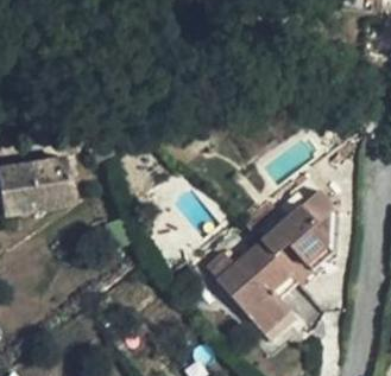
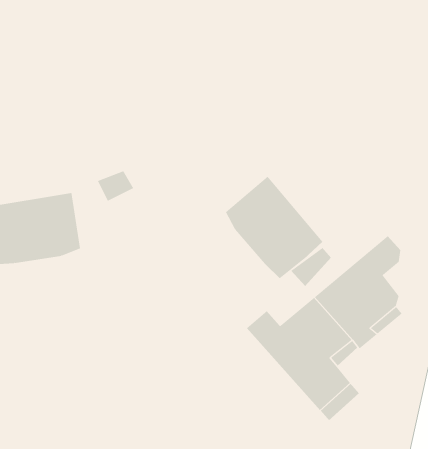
building: none -> [225,176,323,279]

